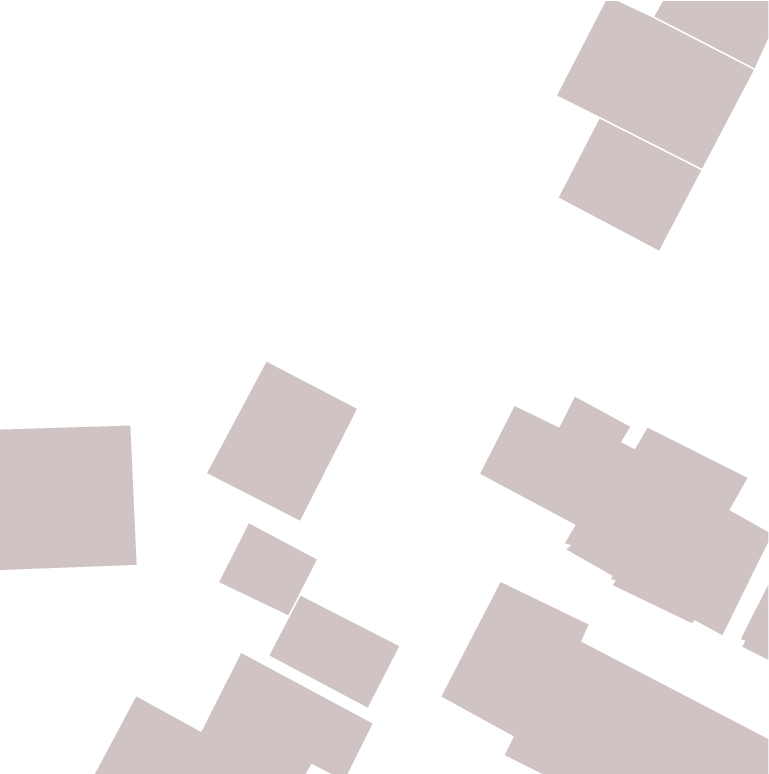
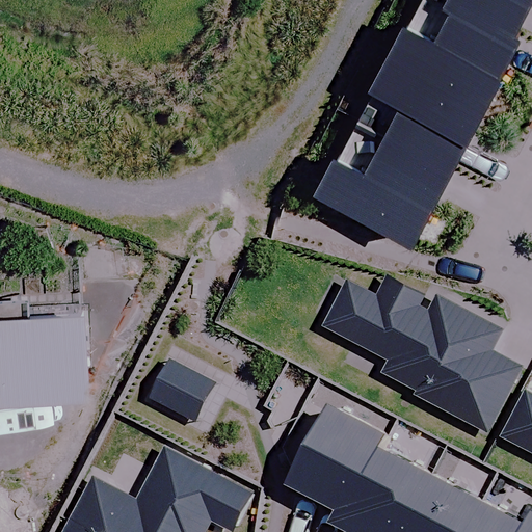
building: none -> [318,143,444,230]
building: [206,360,358,522] -> none
building: [268,595,401,709] -> none

